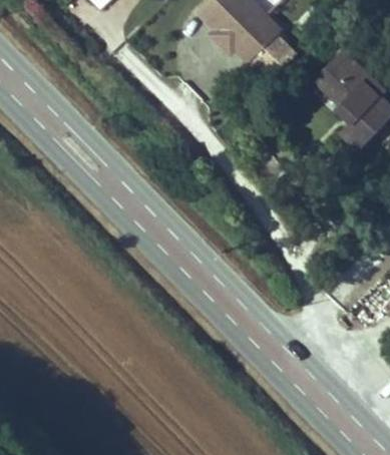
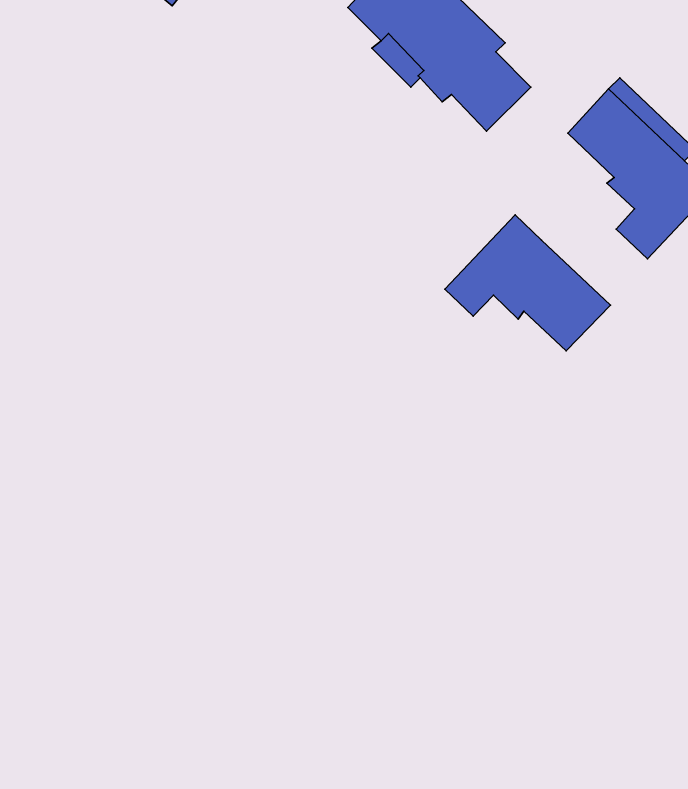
building: none -> [445,215,611,351]

